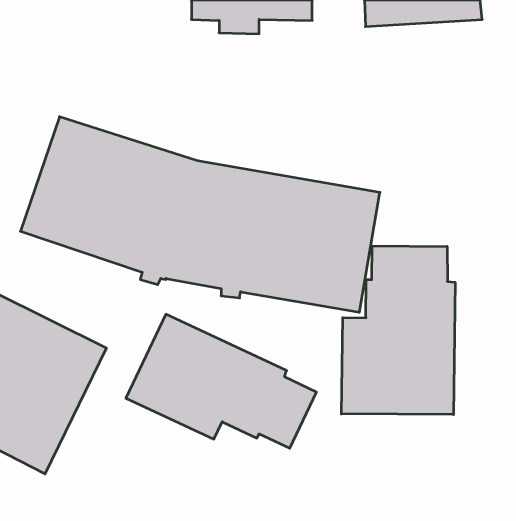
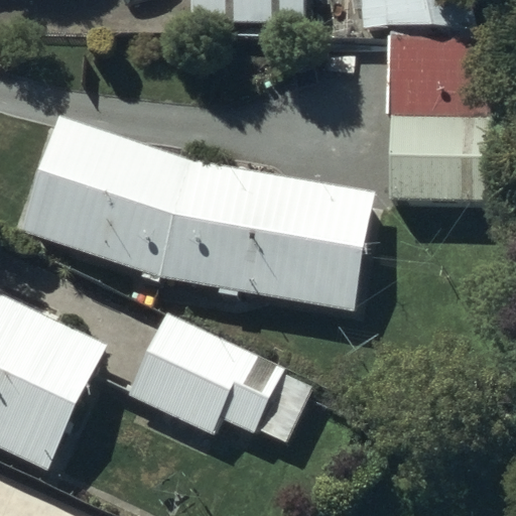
building: none -> [375,33,490,201]
building: [341,246,455,415] -> none

